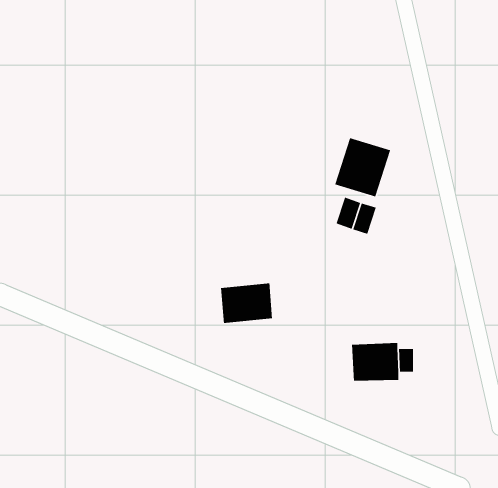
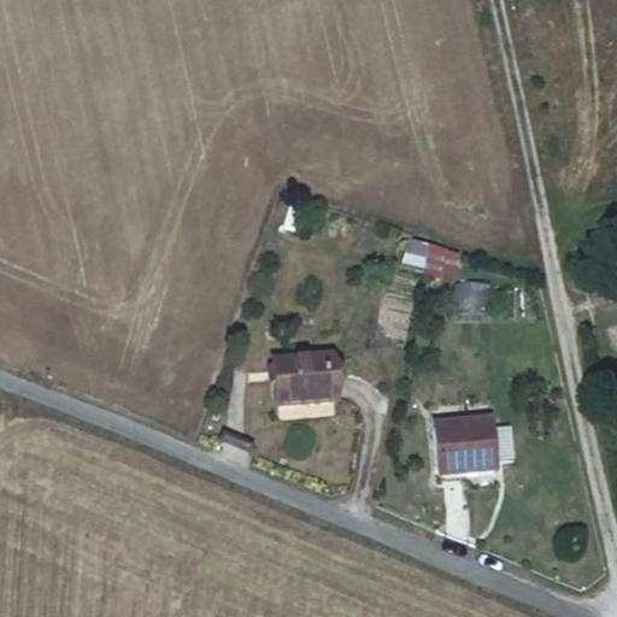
building: [334,137,391,198] -> none

